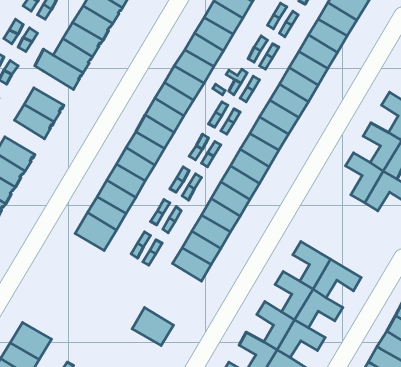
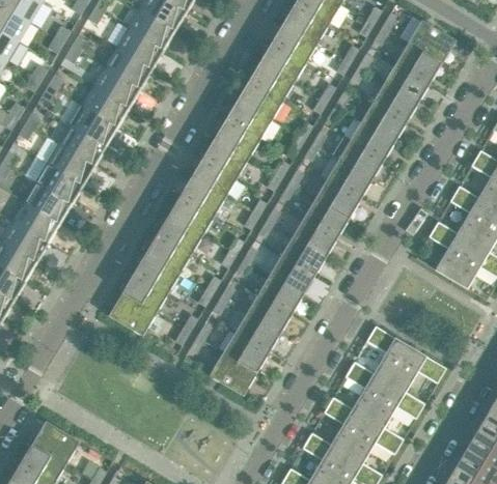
building: none -> [59,124,106,165]
building: none -> [25,182,72,223]
building: [132,308,173,345] -> [209,351,257,396]

